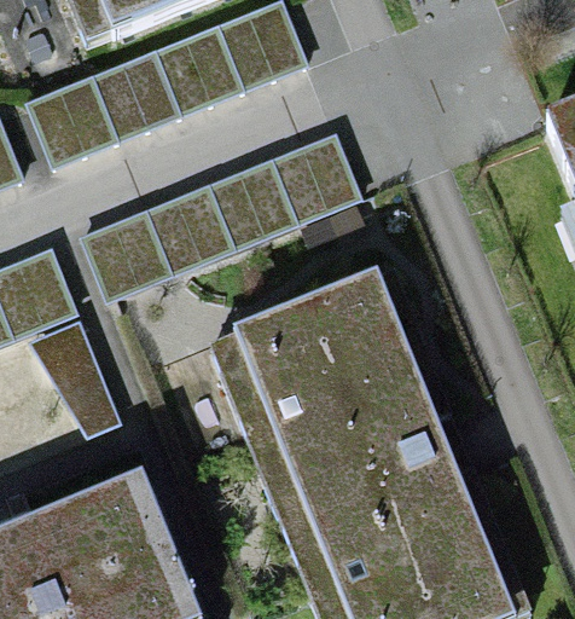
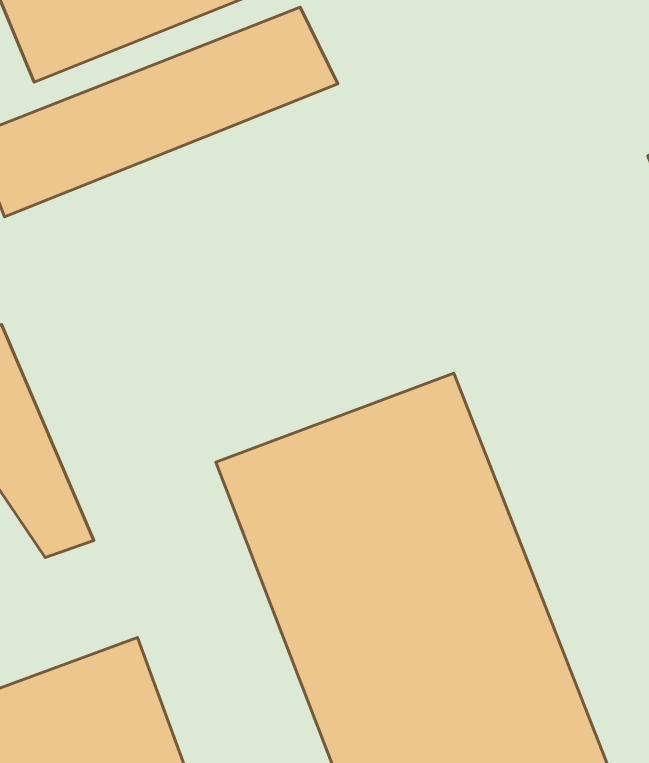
building: [76,137,358,301] -> none

